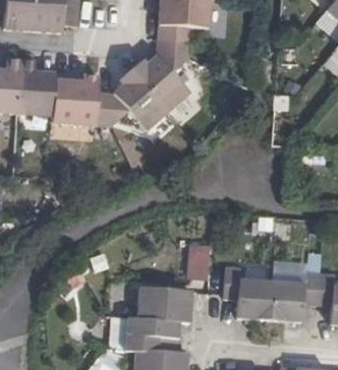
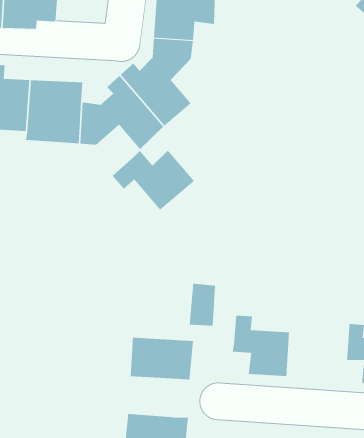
building: none -> [112,150,195,211]
building: [269,272,320,320] -> none
building: [126,316,178,351] -> none

